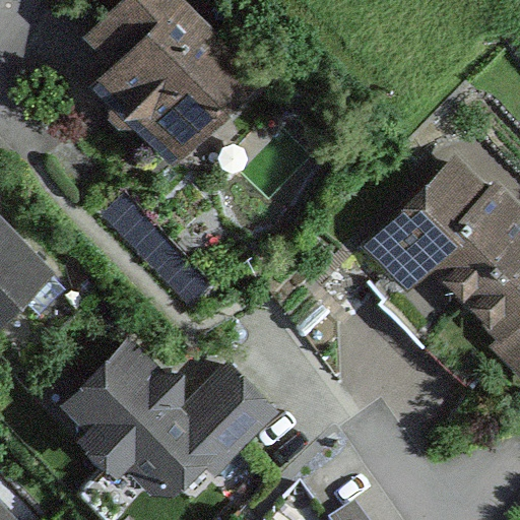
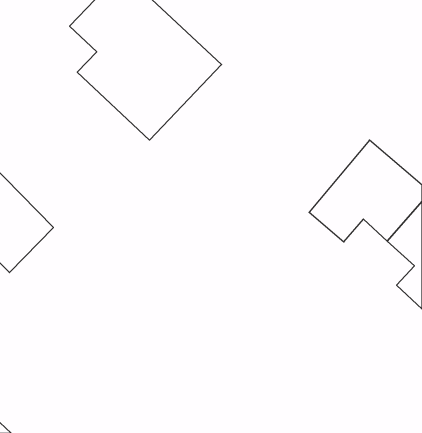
building: [74,339,271,502] -> none

